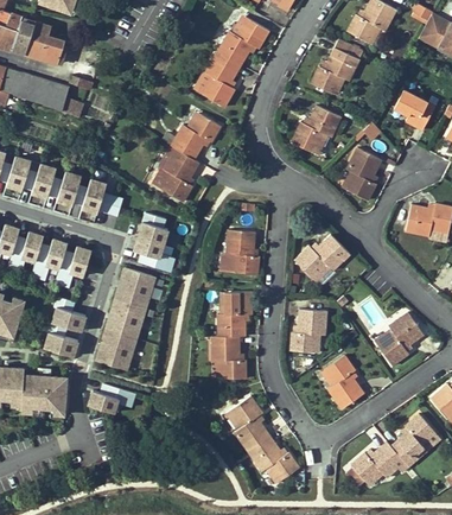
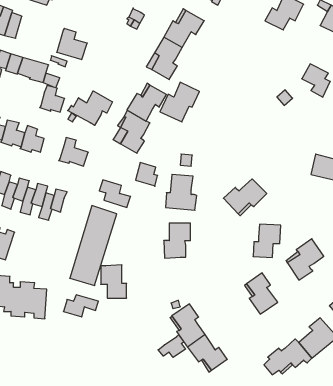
building: [26,23,65,63] -> [57,28,87,60]
building: [312,38,363,94] -> none
building: [291,103,342,154] -> [160,82,199,122]
building: none -> [68,91,112,125]
building: [343,148,382,199] -> none
building: [57,174,89,209] -> [40,85,65,112]
building: [139,214,167,244] -> [136,163,158,186]
building: [43,300,88,354] -> none
building: [291,310,326,352] -> [253,224,281,257]
building: [212,336,246,379] -> [101,265,127,298]
building: none -> [158,335,186,357]

